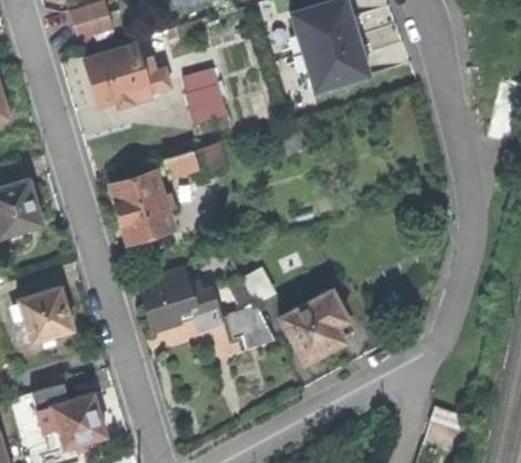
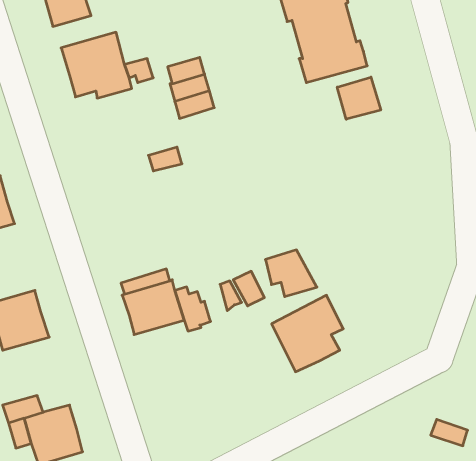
building: none -> [337,77,381,119]
building: [112,173,174,242] -> none
building: [229,305,277,348] -> [265,250,317,297]

